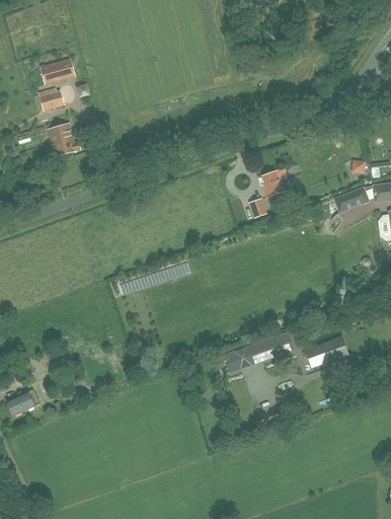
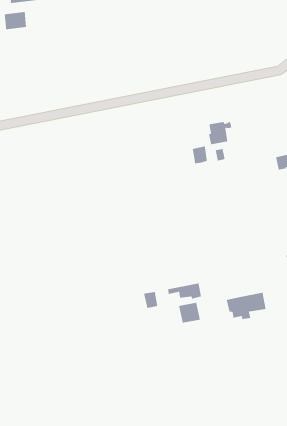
building: [49,123,81,155] -> none
building: none -> [178,302,201,324]

